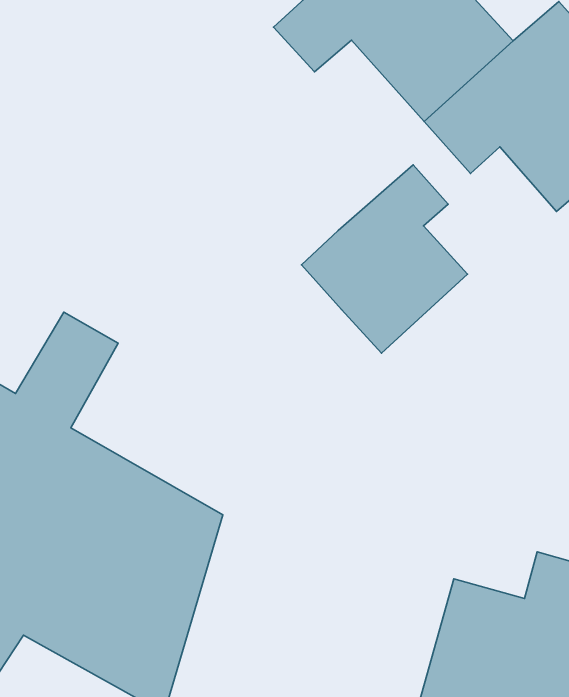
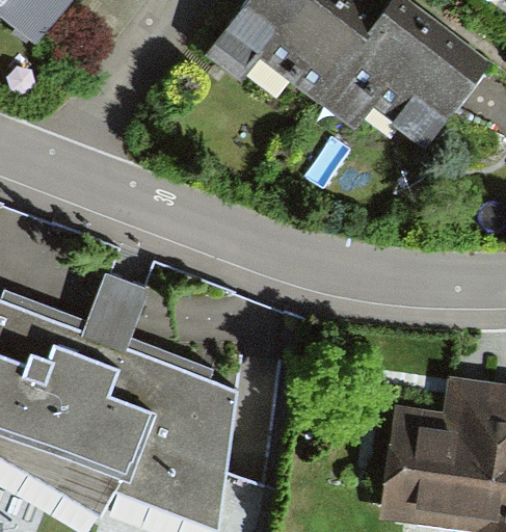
building: [301,165,467,353] -> none

